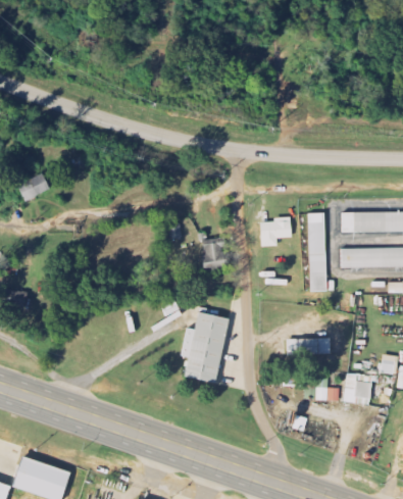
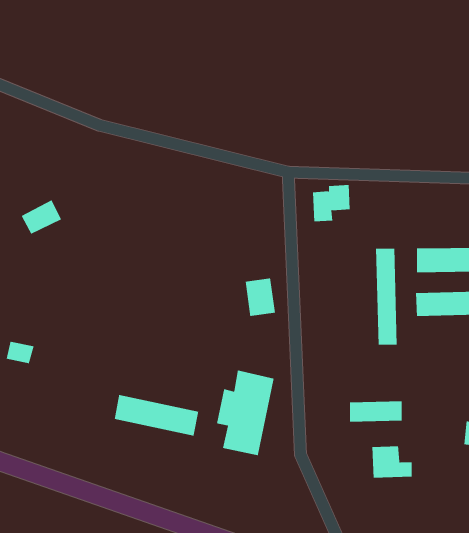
building: [260,216,292,247] -> [312,185,351,222]
building: none -> [114,394,199,436]
building: [344,373,370,404] -> none

